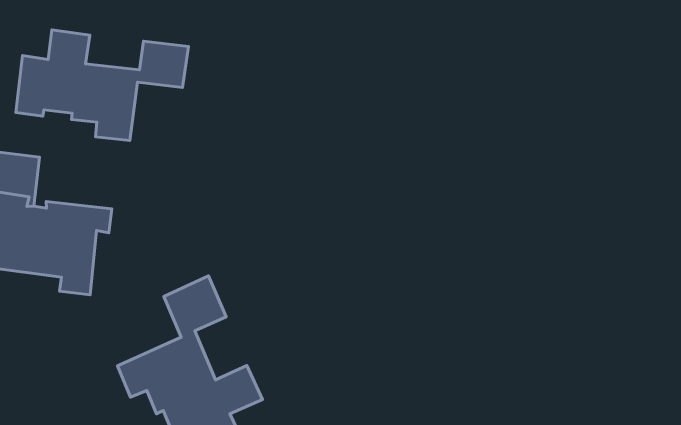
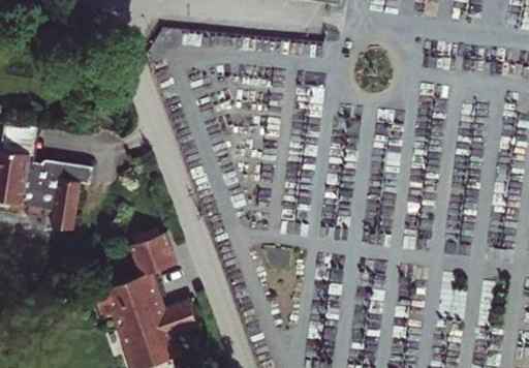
building: [16,30,188,140] -> none

